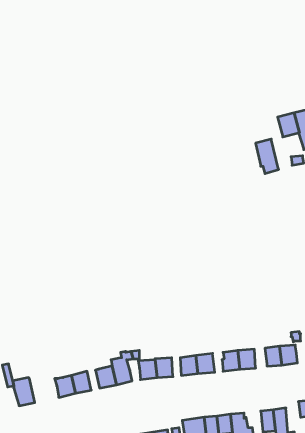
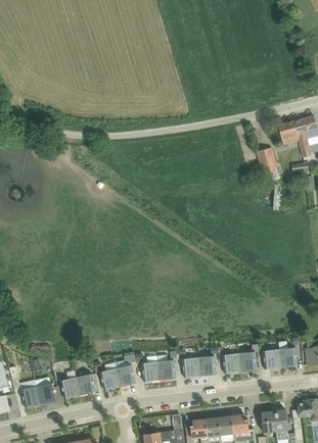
building: none -> [35,377,55,404]

